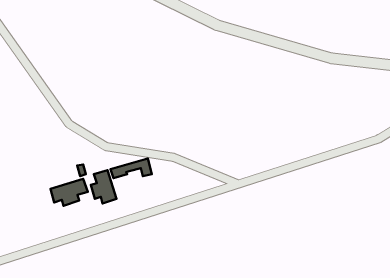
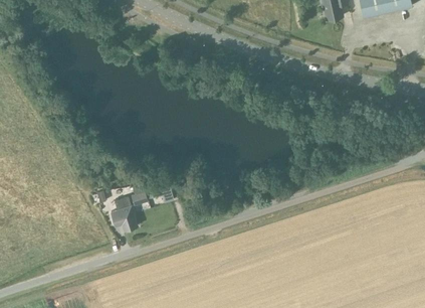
building: [51,179,88,206] -> none

